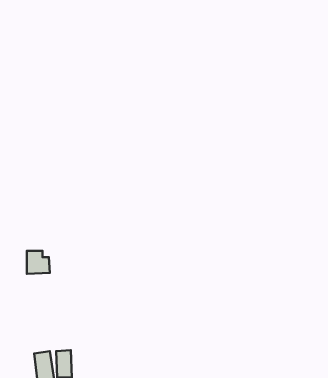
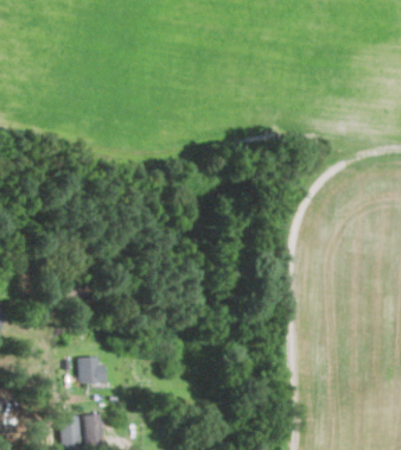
building: [27,251,50,274] -> [81,357,107,384]

